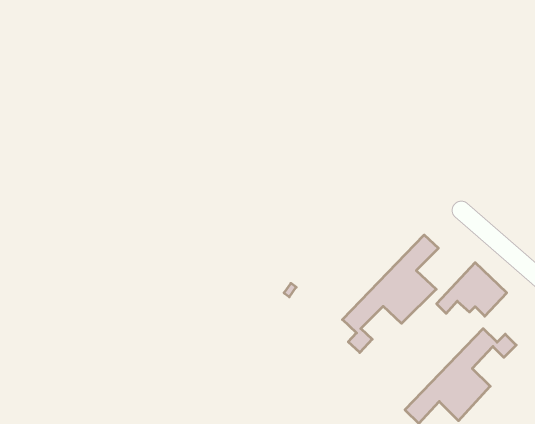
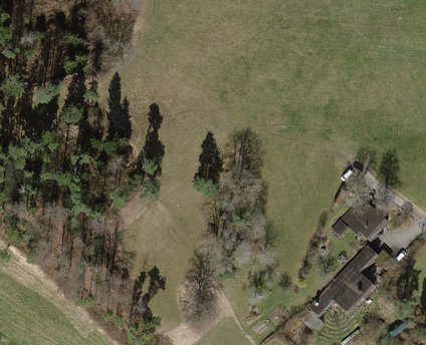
building: [342,235,438,353] -> none

